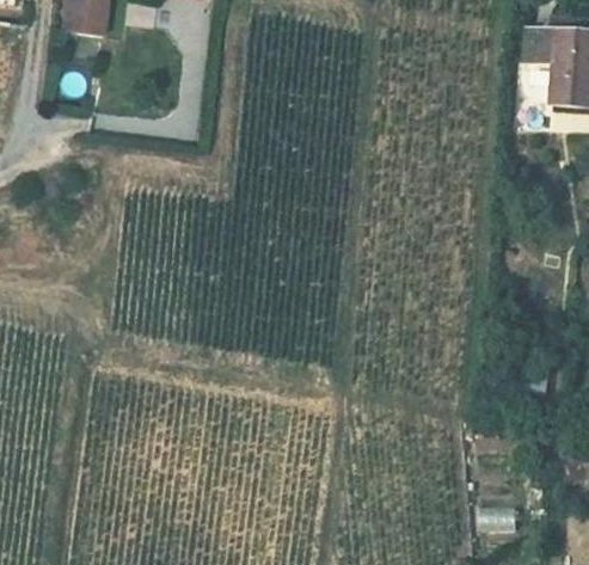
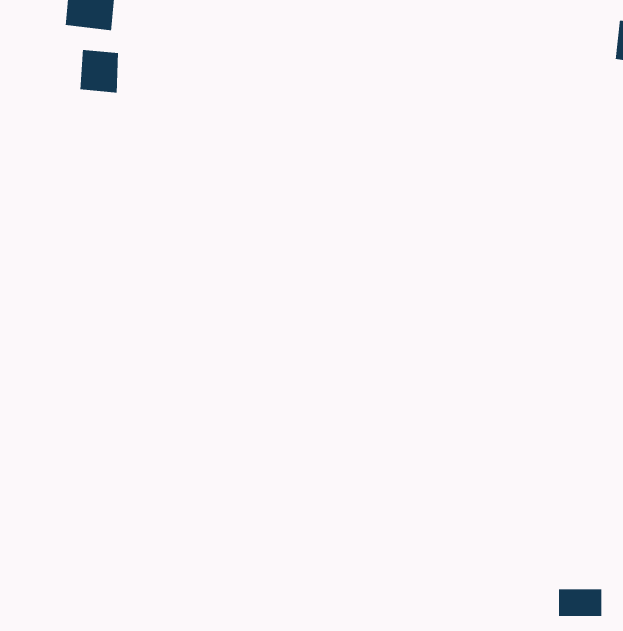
building: none -> [79,49,119,93]

